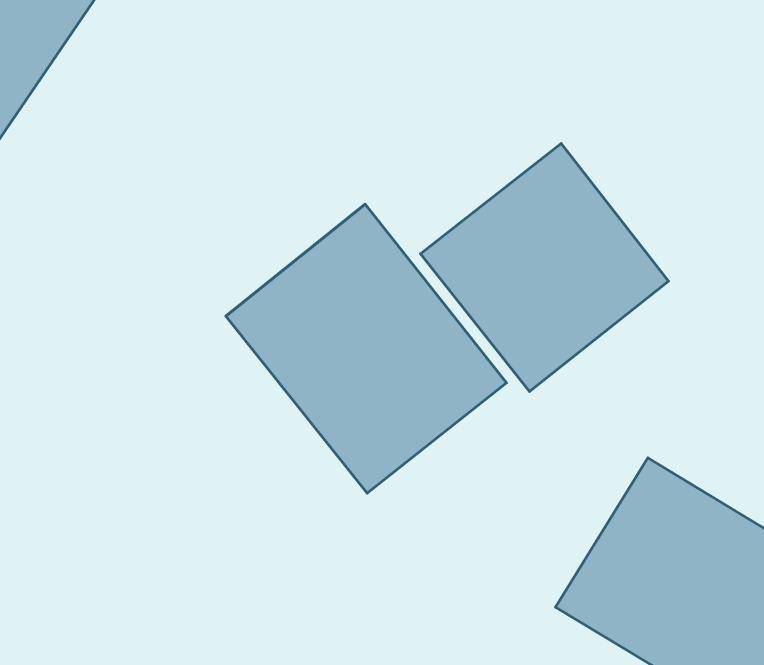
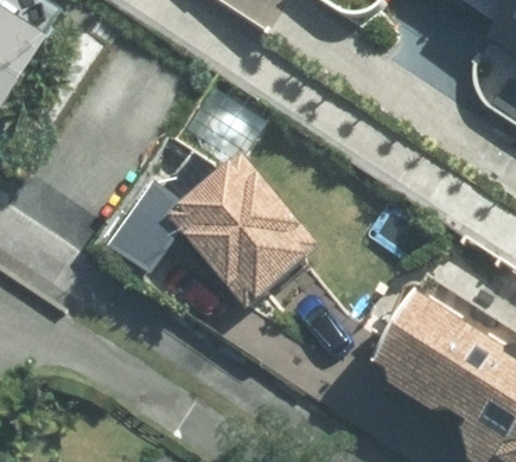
building: [421,144,668,391] -> none

